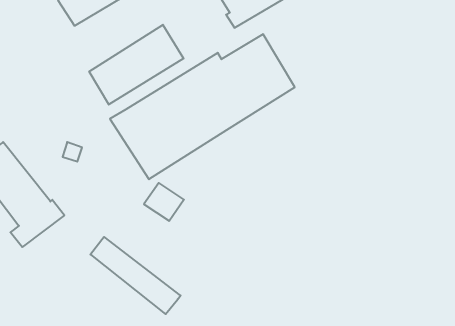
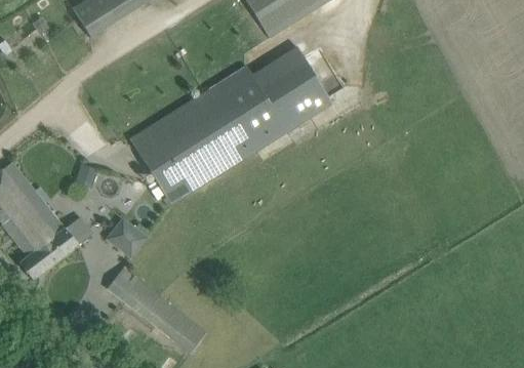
building: [89,25,184,105] -> none
building: [144,183,184,221] -> [105,216,149,258]

